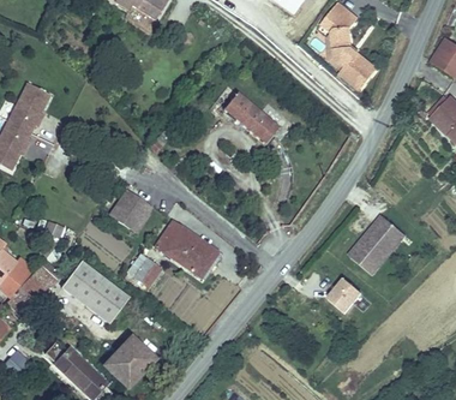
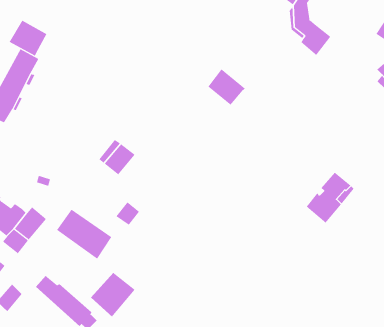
building: none -> [9,20,47,57]
building: [222,91,253,124] -> none
building: [158,219,216,271] -> none
building: [324,282,361,320] -> none

